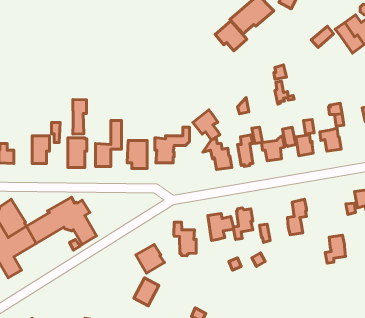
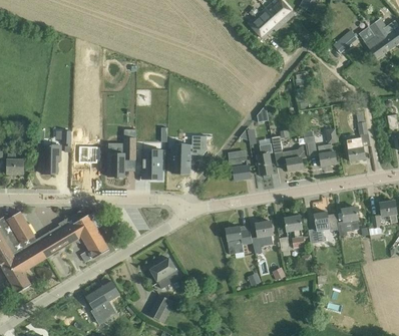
building: [215,21,247,51] -> none
building: [73,99,87,134] -> none
building: [193,110,220,140] -> none
building: none -> [285,216,305,247]
building: [174,222,196,256] -> none
building: [325,235,345,263] -> [338,207,359,236]
building: none -> [85,280,119,316]

